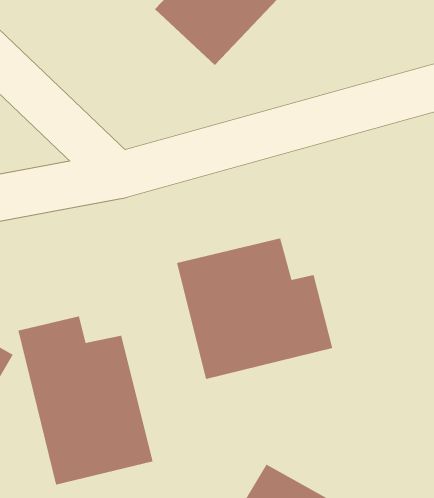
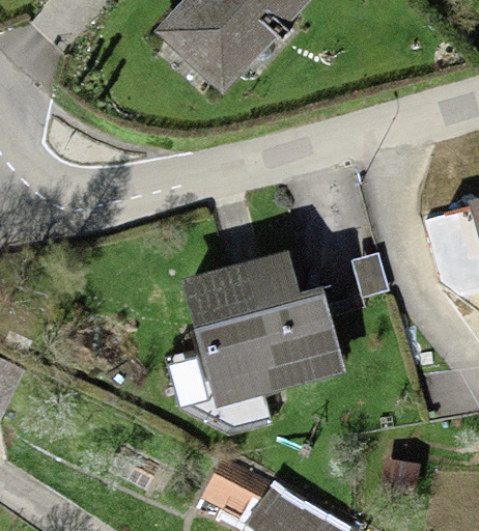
building: [17,316,153,485] -> none

